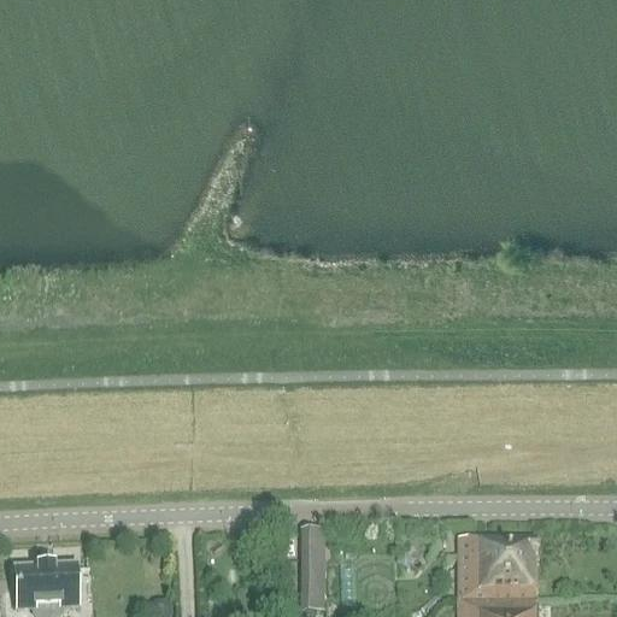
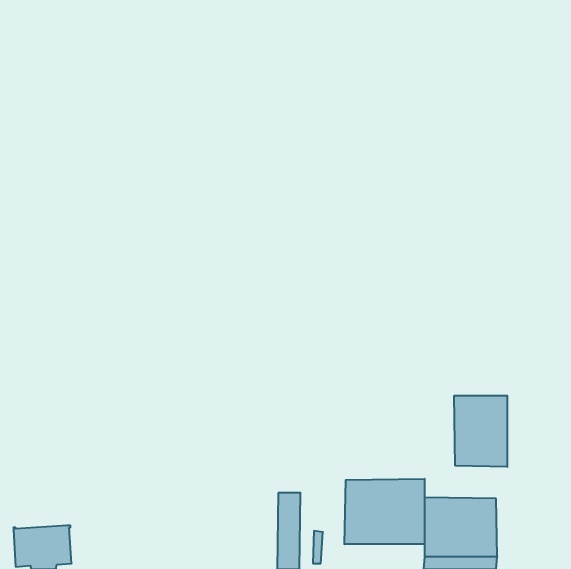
building: none -> [454,396,507,467]
building: none -> [344,479,425,544]

